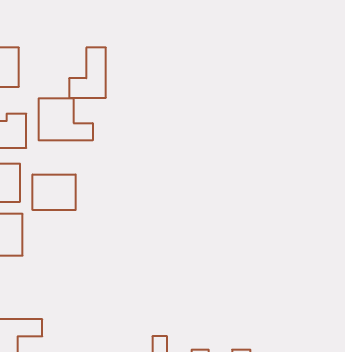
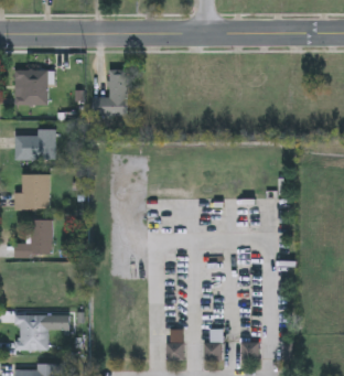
building: [39,98,93,140] -> none
building: [33,174,76,210] -> none

